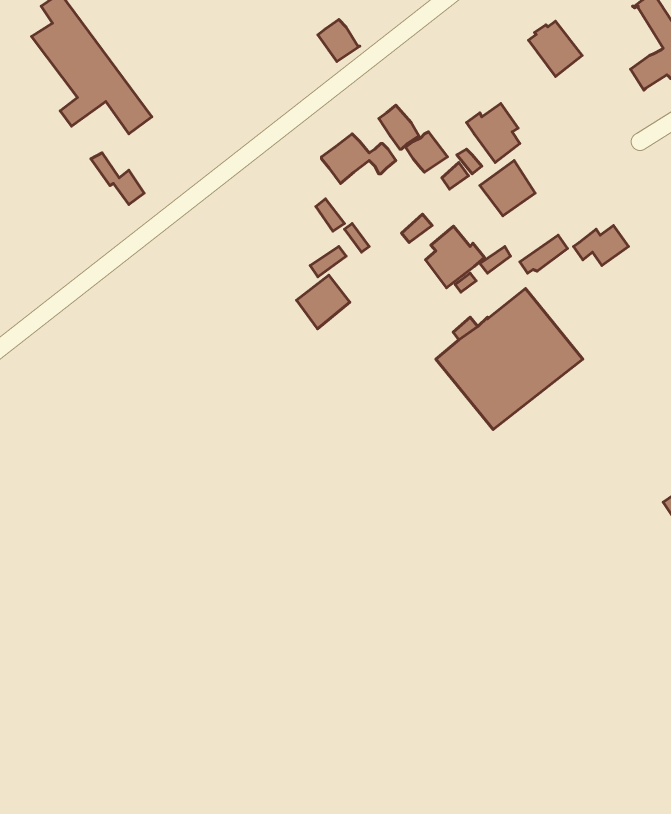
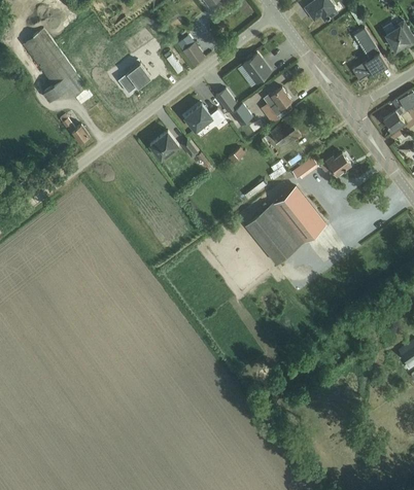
building: [529,21,582,76] -> [242,54,271,83]
building: none -> [117,62,151,94]
building: [426,226,484,288] -> none
building: [296,275,350,329] -> [149,131,178,160]

